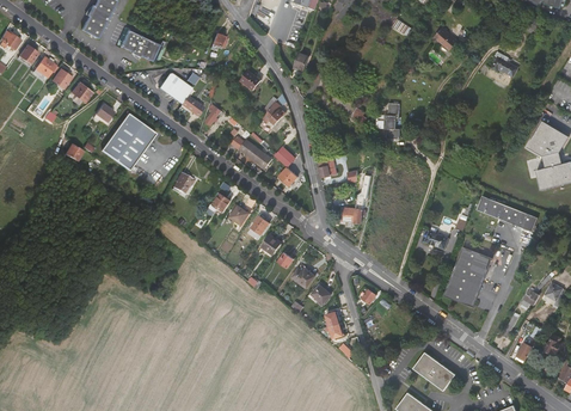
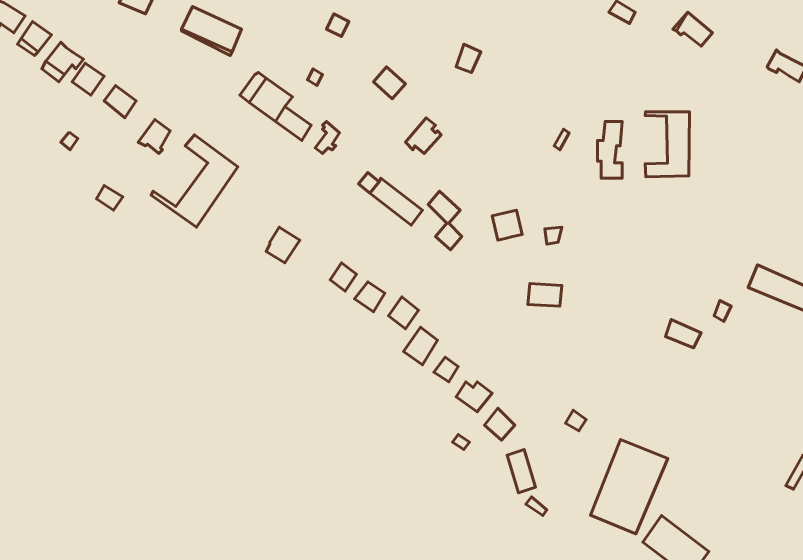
building: none -> [645,112,690,177]
building: [103,118,137,157] -> none
building: [446,244,495,303] -> [590,440,668,534]

